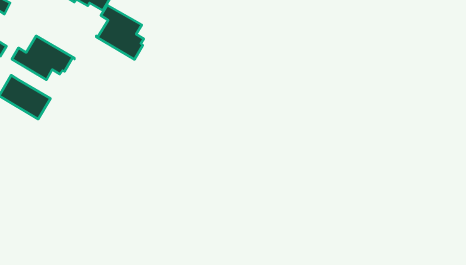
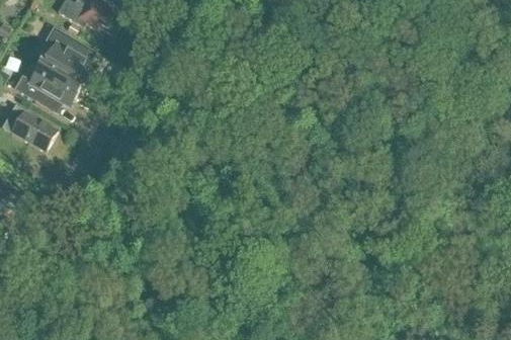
building: [96,5,144,59] -> [42,27,94,86]

